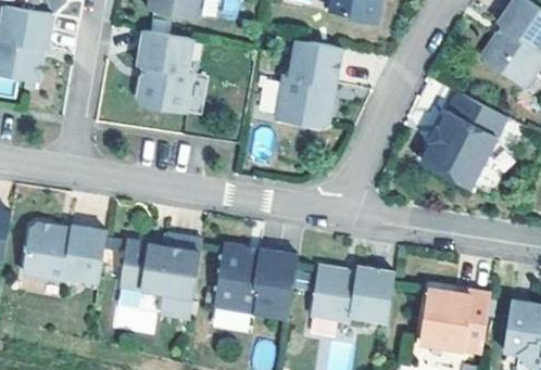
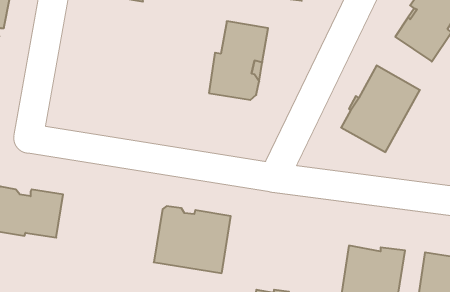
building: [135,31,205,115] -> none
building: [126,237,207,319] -> none
building: [310,267,393,333] -> none

